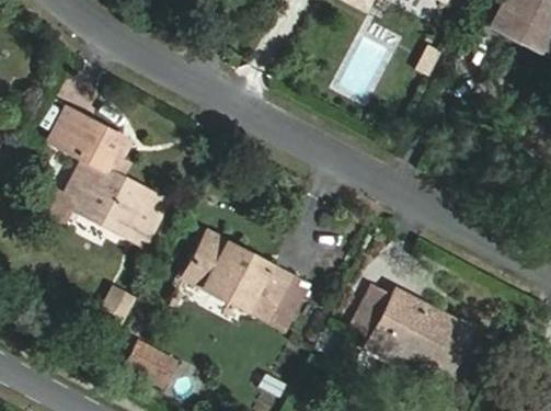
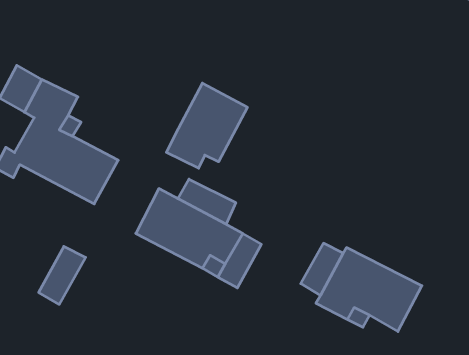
building: none -> [166,83,247,168]
building: none -> [178,179,236,224]
building: [126,342,175,385] -> none

